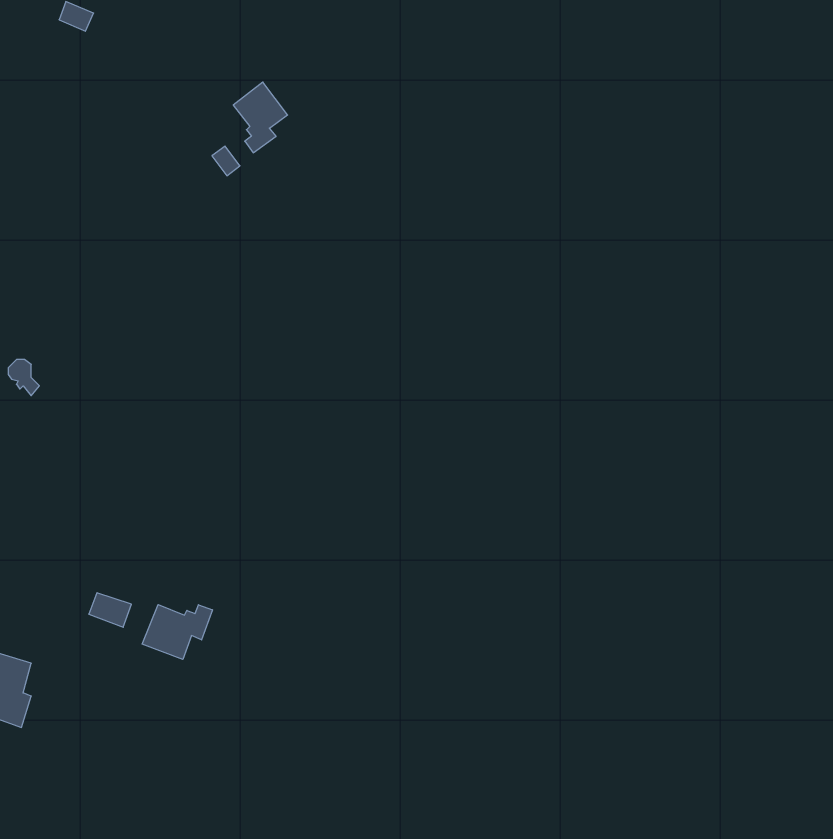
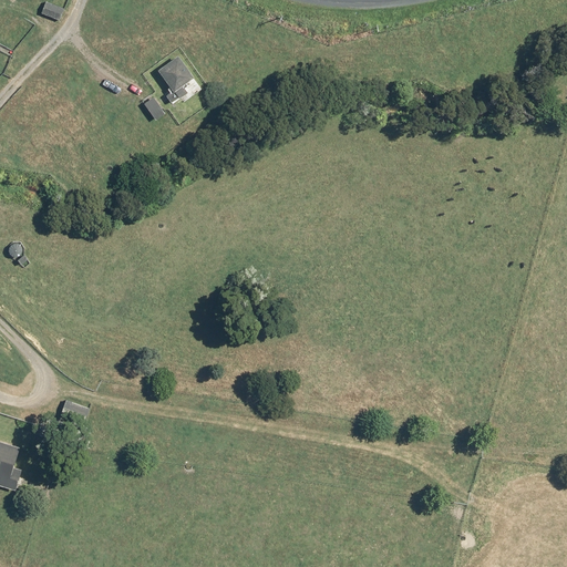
building: [142,605,212,659] -> none

